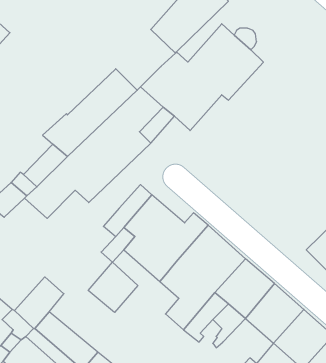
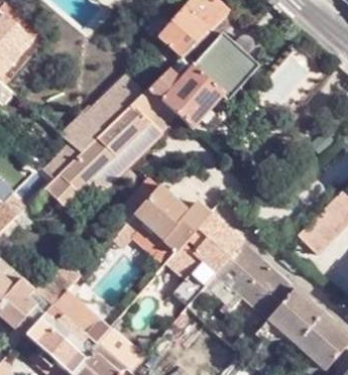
building: [88,262,138,312] -> none

